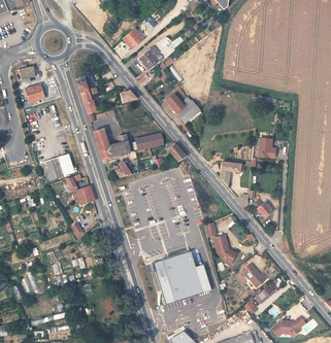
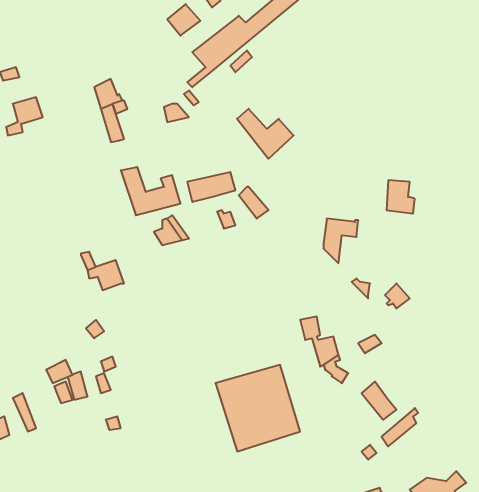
building: [43,153,76,180] -> none

